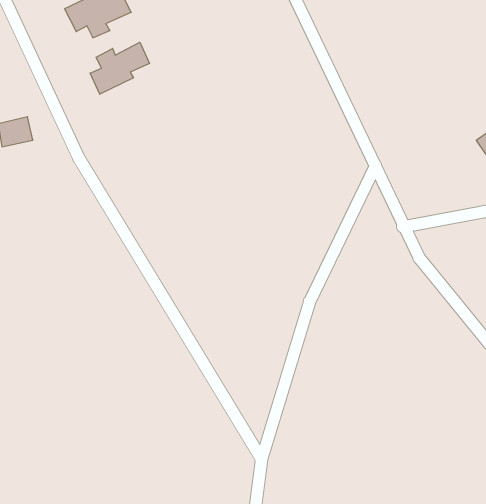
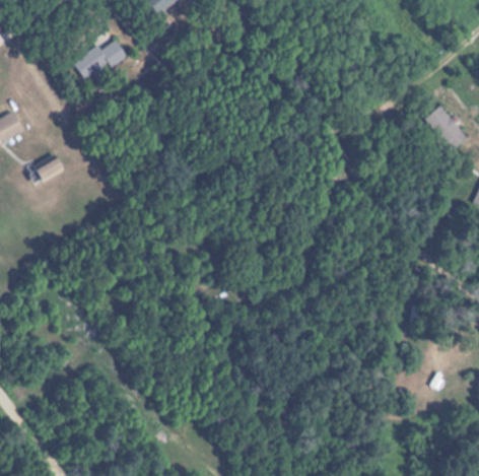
building: [90,42,149,94] -> none

